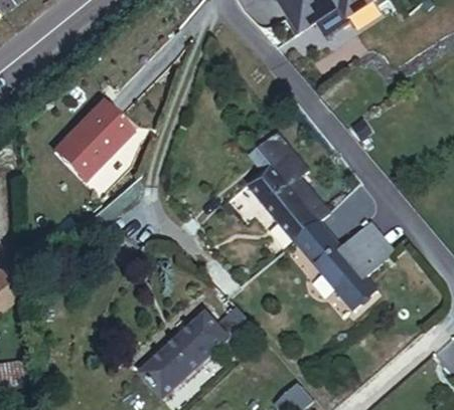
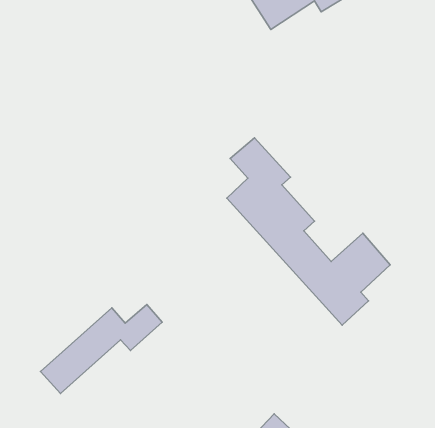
building: [50,105,129,184] -> none
building: [144,313,256,394] -> [41,305,162,393]

